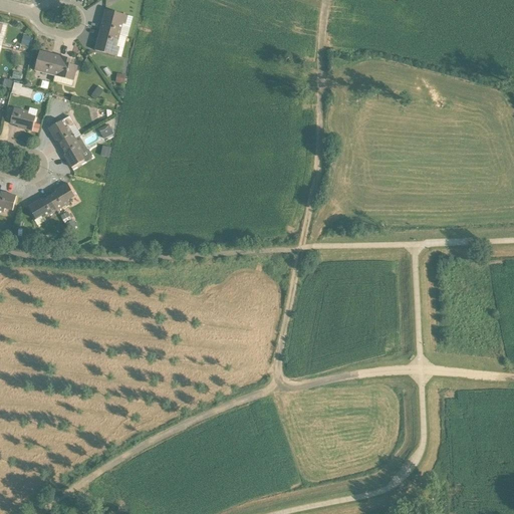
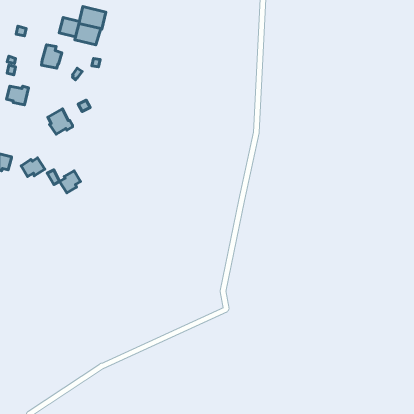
building: [32,50,57,74] -> [59,17,79,37]
building: [46,114,78,145] -> none
building: [46,182,72,209] -> [59,171,81,193]

